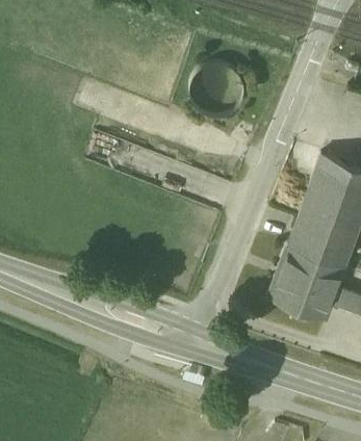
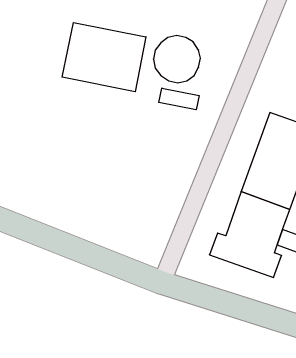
building: none -> [62,23,146,92]
building: none -> [159,88,199,110]

